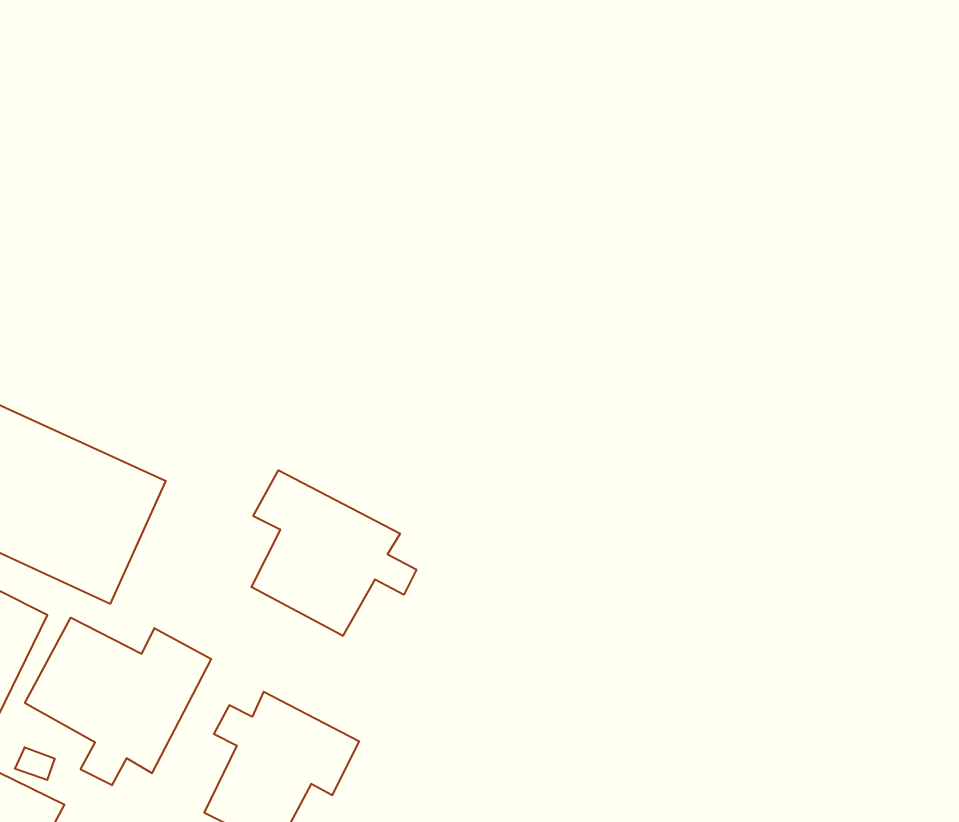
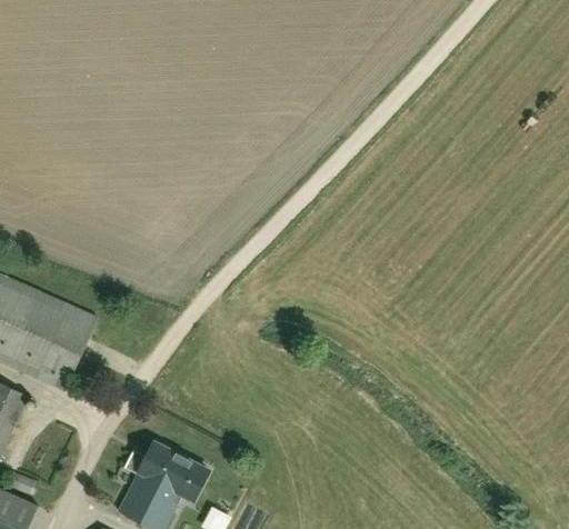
building: [251,470,416,636] -> none
building: [25,618,211,785] -> none

